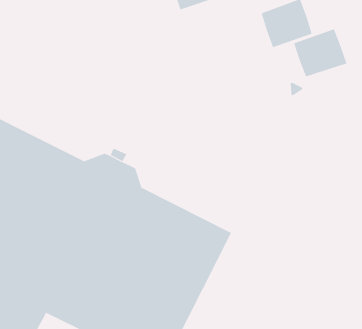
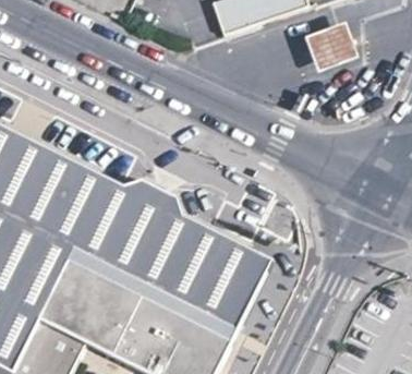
building: [293,29,347,77] -> none

